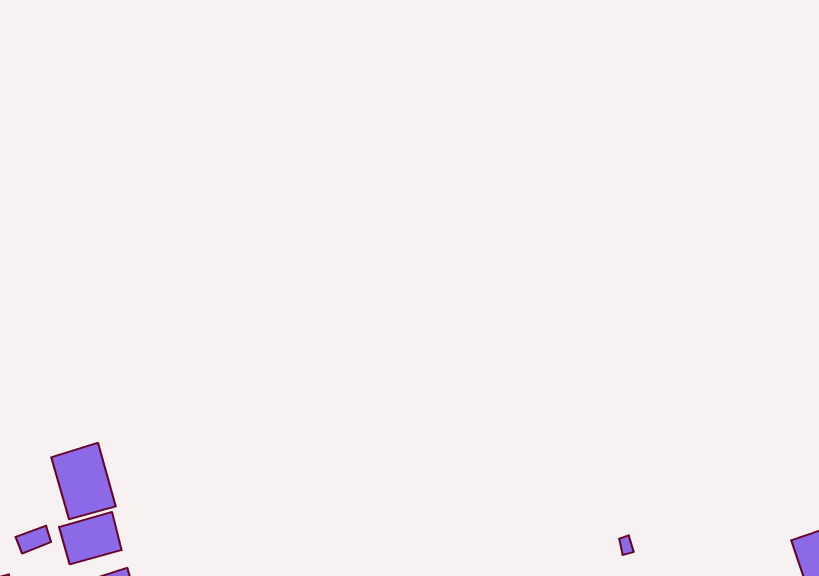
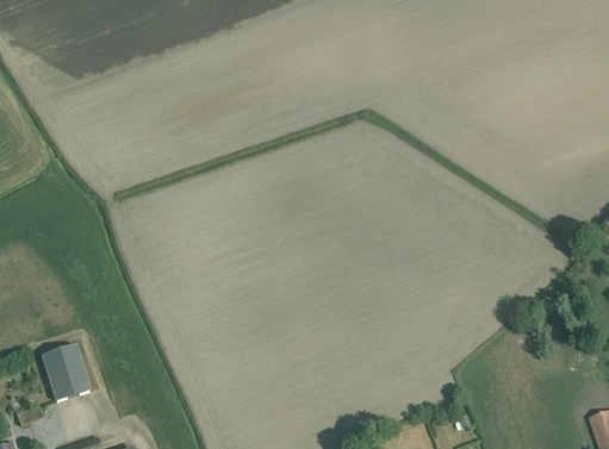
building: [59,512,122,564] -> none

